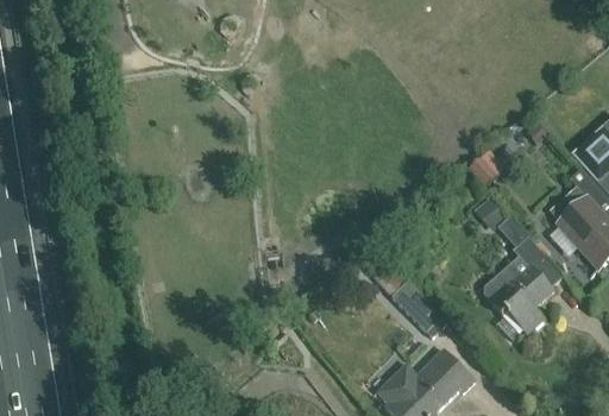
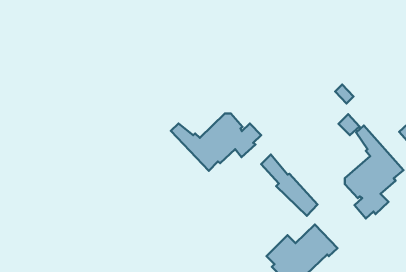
building: none -> [171,113,261,171]

